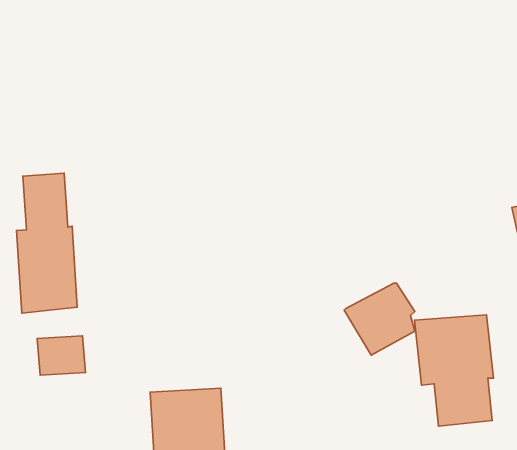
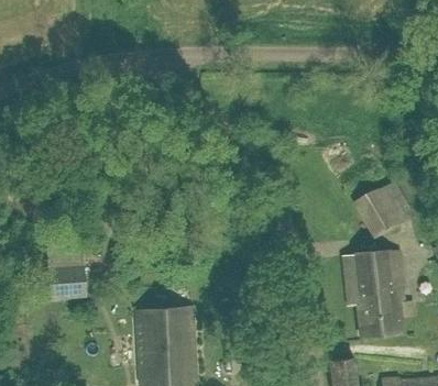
building: [17,173,77,313] -> none
building: [344,283,415,355] -> [353,180,408,236]

